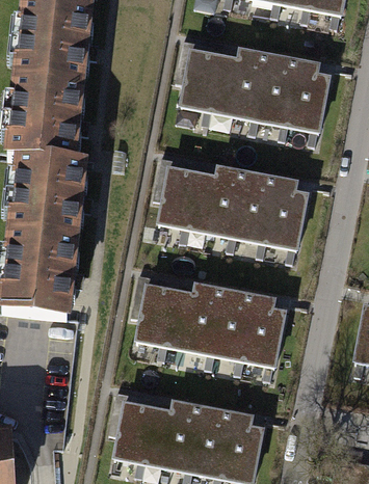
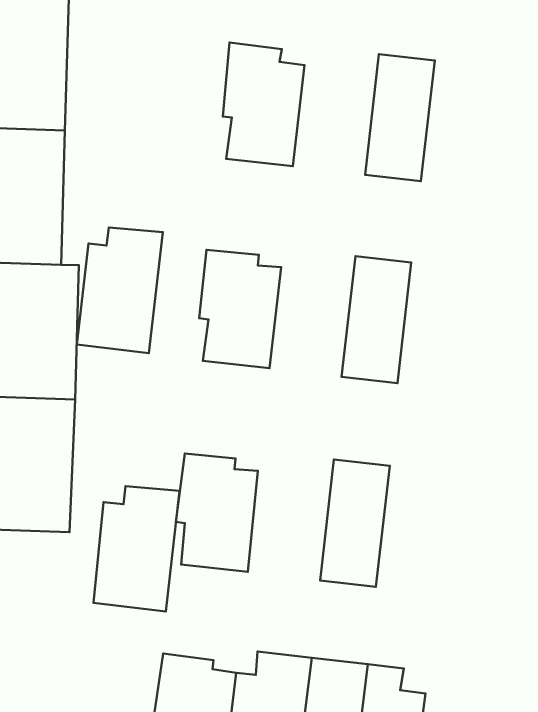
building: [215,47,270,123] -> none
building: [289,59,335,135] -> none
building: [192,164,247,239] -> [77,228,163,353]
building: [266,176,312,252] -> none
building: [170,281,226,356] -> [94,486,180,612]
building: [244,293,290,370] -> none

